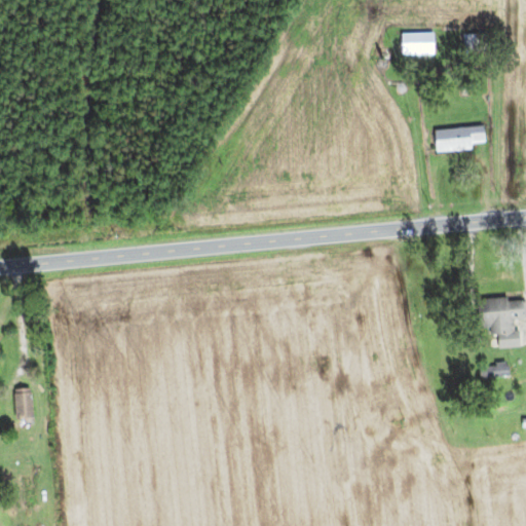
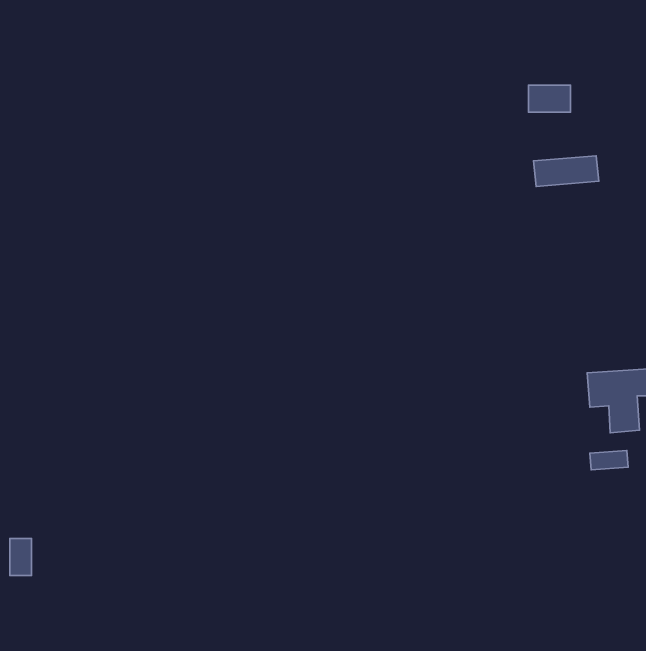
building: [403,33,437,54] -> [528,85,570,112]
building: [16,388,34,418] -> [10,538,31,575]

